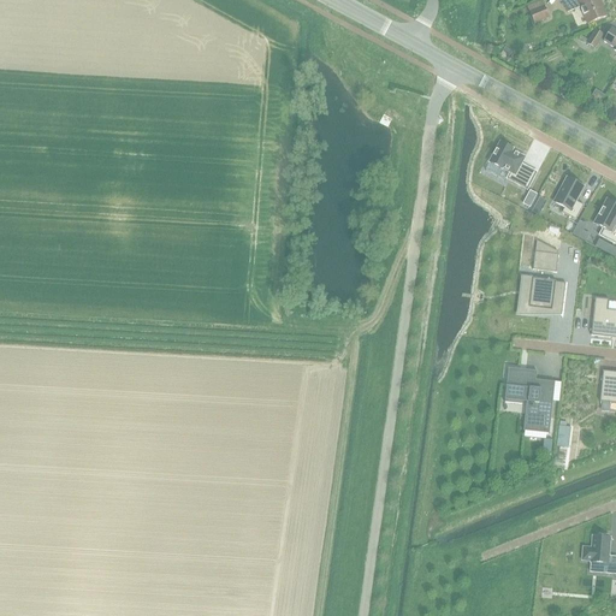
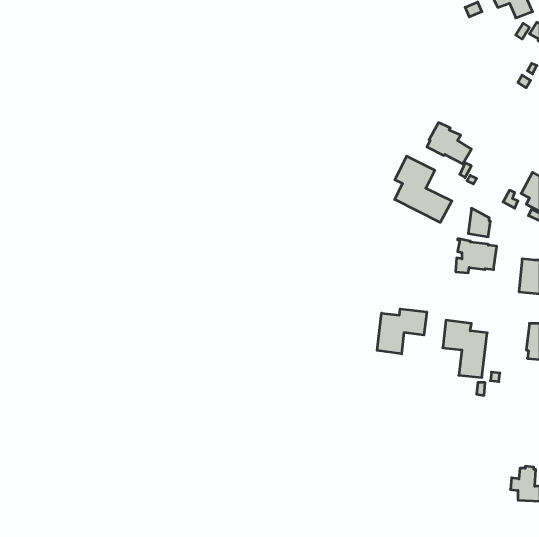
building: [555,174,585,217] -> none
building: none -> [395,156,452,222]
building: none -> [377,309,427,354]

